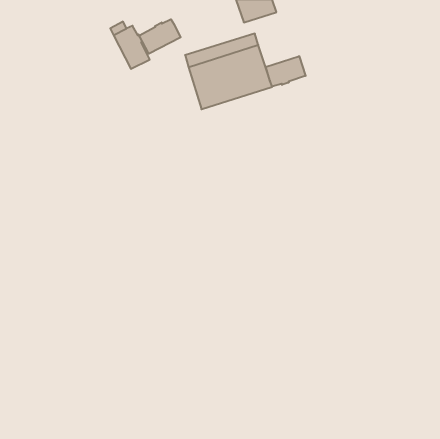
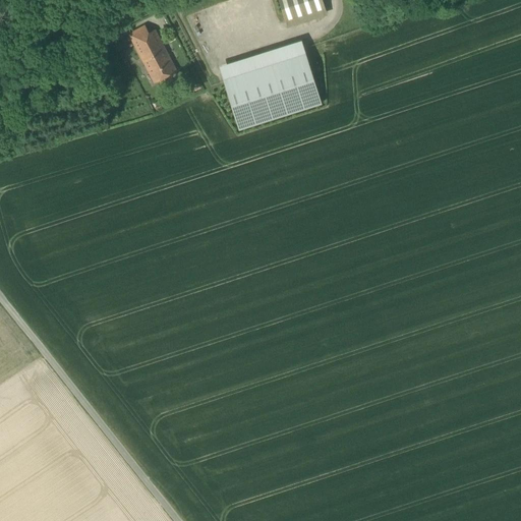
building: [139,19,181,54] -> none
building: [266,56,306,86] -> none

